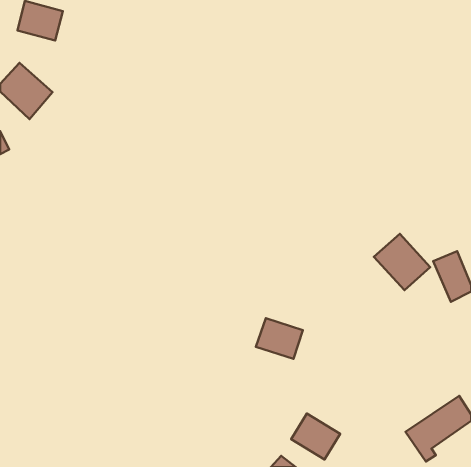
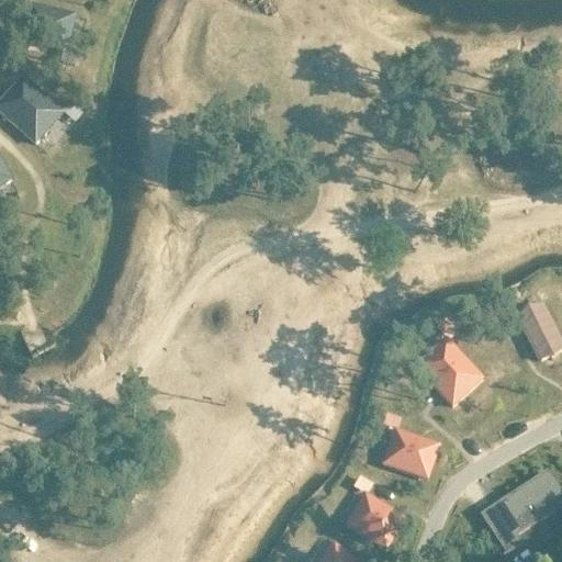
building: [374,234,430,290] -> [416,337,483,404]
building: [256,318,303,359] -> [383,428,439,476]

